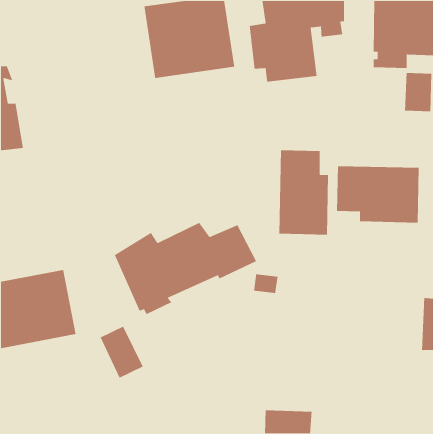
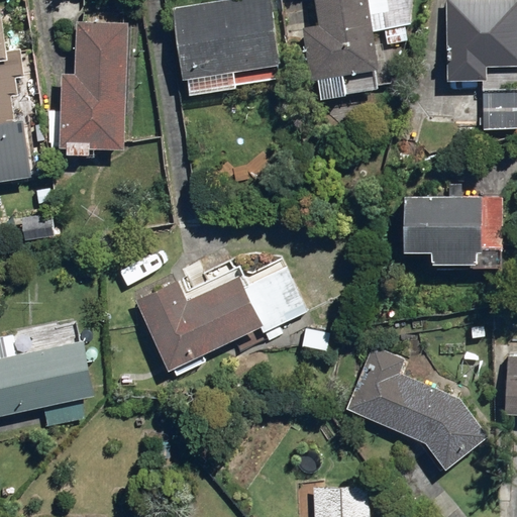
building: none -> [47,21,131,156]
building: [278,150,329,235] -> none
building: none -> [348,348,487,471]
building: [99,325,144,379] -> none

